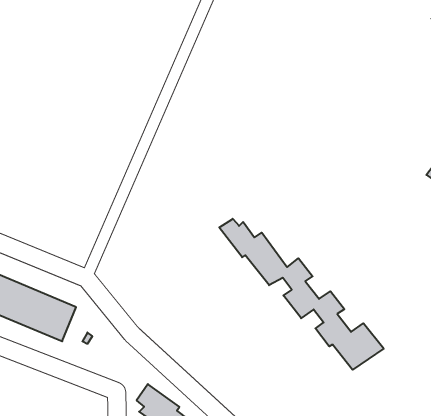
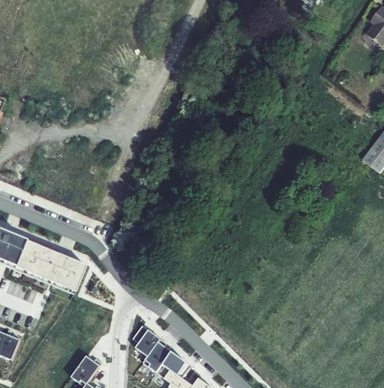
building: [219,219,384,370] -> none

